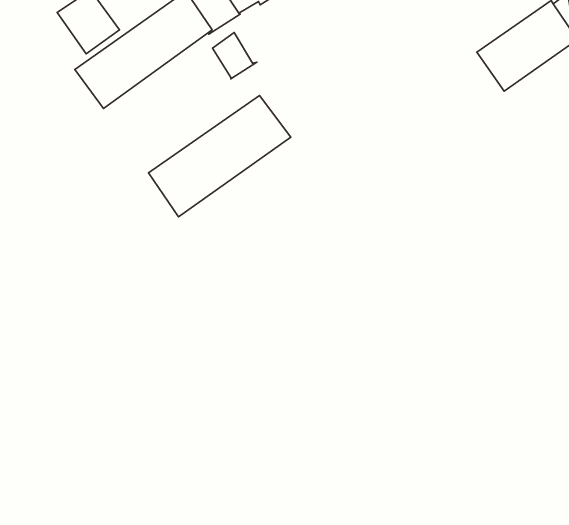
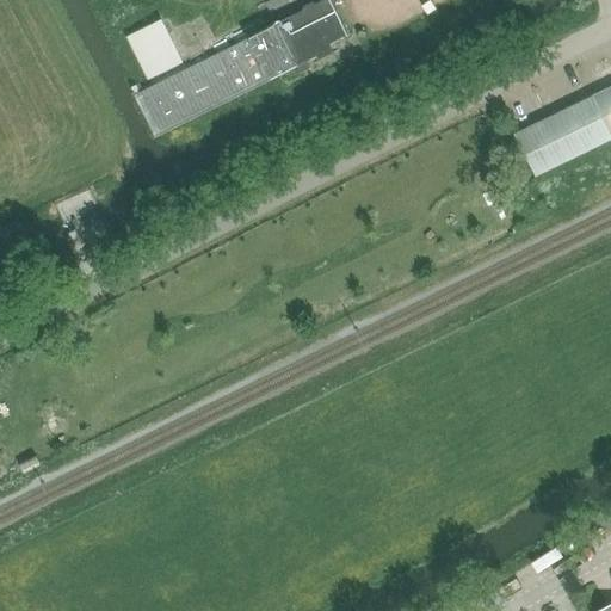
building: [212,32,257,79] -> none
building: [148,95,291,217] -> none

